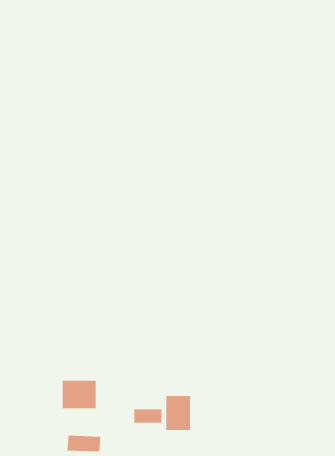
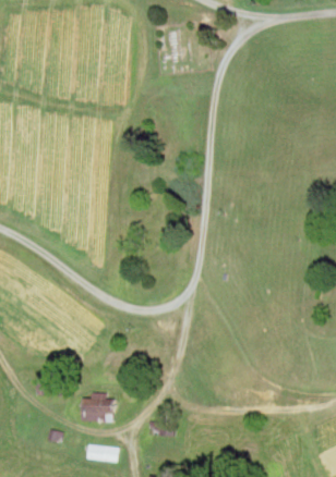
building: [166,395,190,431] -> none

